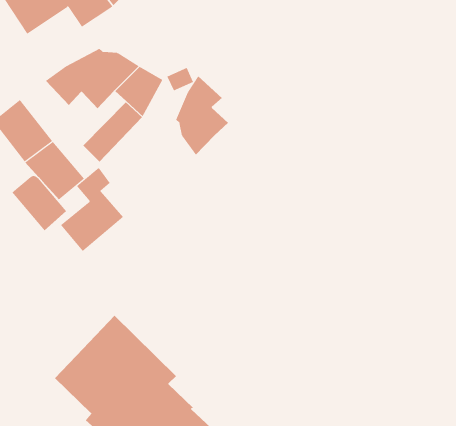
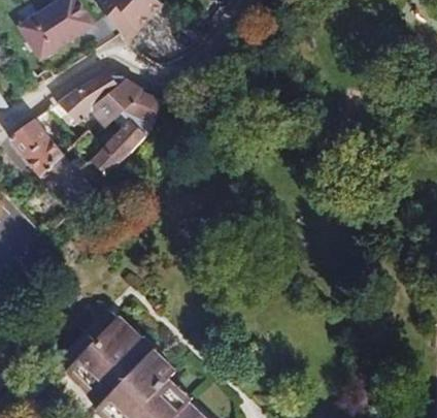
building: [176,75,229,155] -> none
building: [60,167,124,252] -> none
building: [11,175,67,231] -> none

